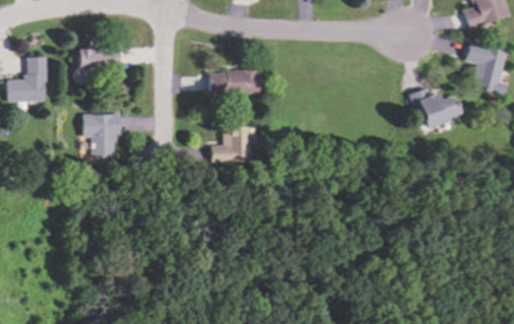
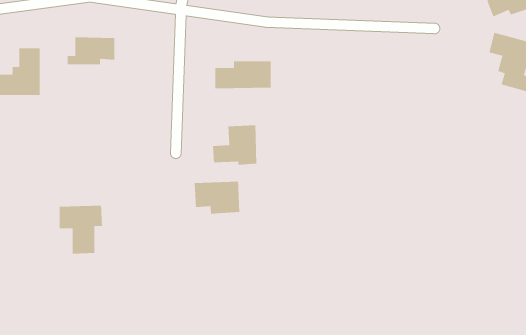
building: [405,85,465,131] -> none
building: [82,112,123,157] -> [59,205,103,255]
building: none -> [194,181,240,214]

